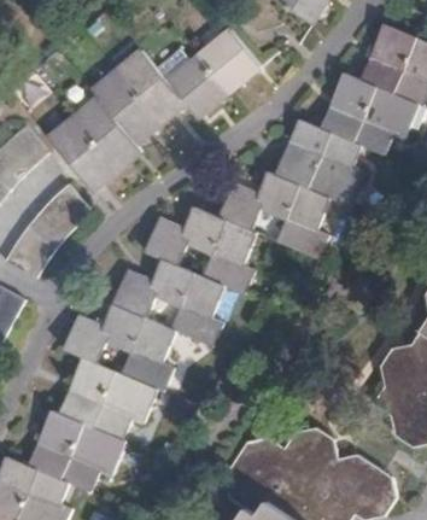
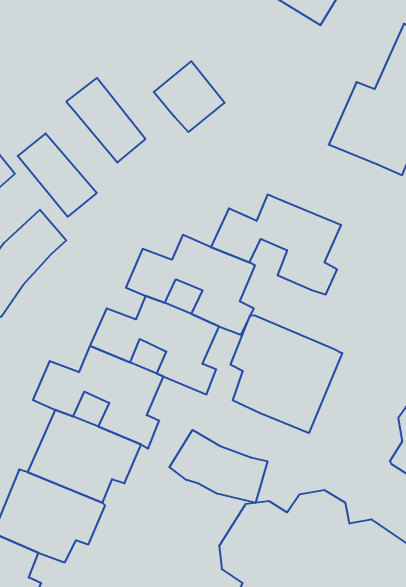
building: [200,30,261,92] -> none
building: [118,51,186,123] -> none
building: [74,99,141,170] -> none
building: [275,119,363,205] -> none
building: none -> [231,315,342,433]
building: none -> [169,430,268,503]

